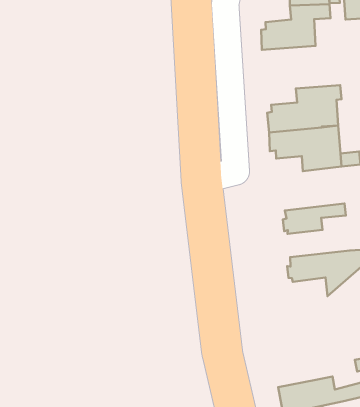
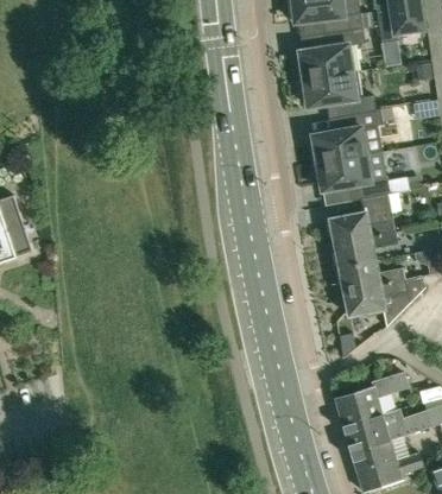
building: none -> [298,72,381,118]
building: none -> [328,213,396,243]
building: none -> [337,260,405,291]
building: none -> [335,374,409,425]

